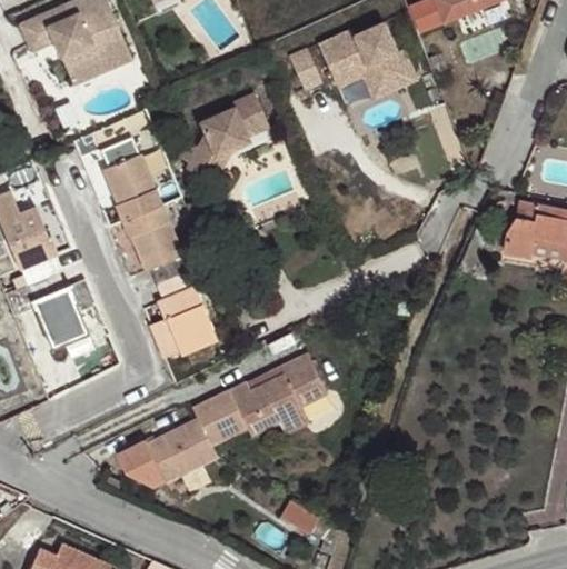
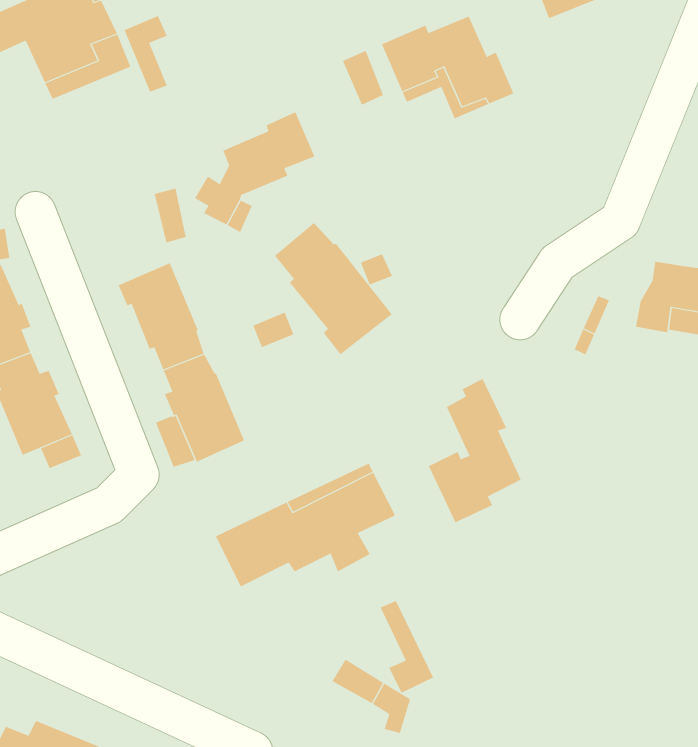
building: none -> [124,15,168,93]
building: [100,137,160,221] -> none
building: none -> [274,222,392,355]
building: none -> [428,378,522,523]
building: [118,419,218,487] -> none
building: none -> [380,600,434,694]

